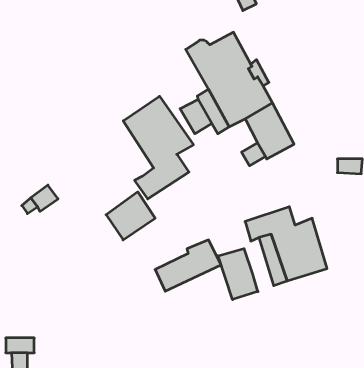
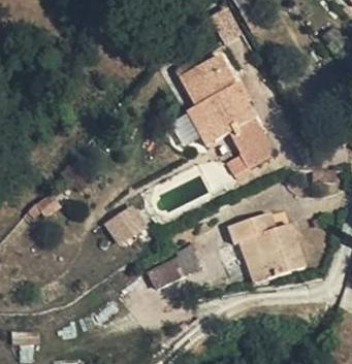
building: [123,96,193,199] -> none
building: [218,249,258,300] -> none

